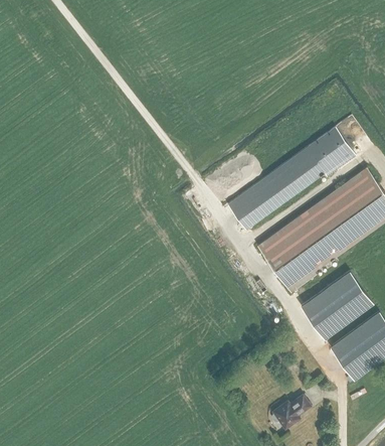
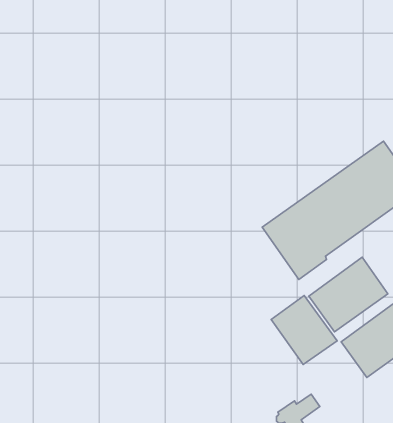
building: [226,127,355,231] -> none
building: none -> [271,295,337,365]

